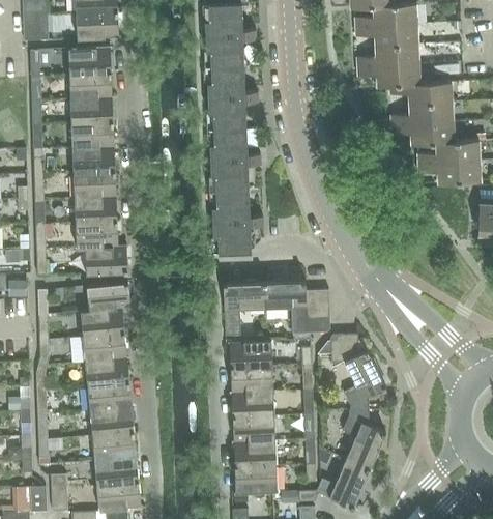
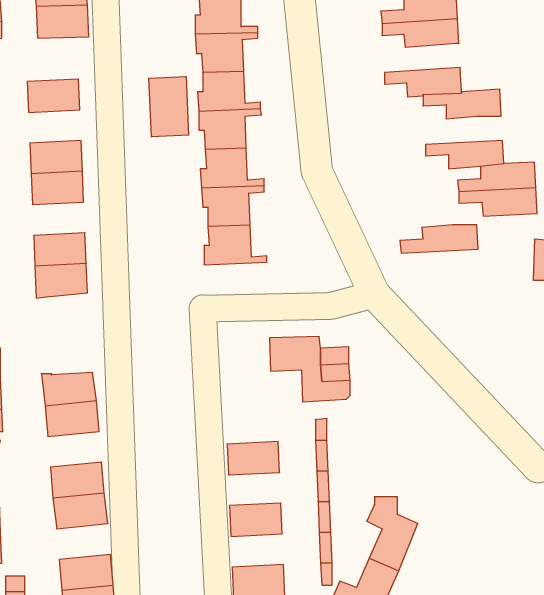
building: [356,44,418,67] -> none
building: [67,47,110,75] -> none
building: none -> [149,76,189,137]
building: [69,97,112,124] -> none
building: [389,103,453,125] -> [400,225,478,253]
building: [72,172,115,199] -> none
building: [211,221,262,255] -> none
building: [84,244,126,273] -> none
building: [86,282,129,312] -> none
building: [223,282,265,336] -> none
building: [329,334,385,410] -> none
building: [229,340,271,368] -> none
building: [85,357,128,386] -> none
building: [231,391,273,417] -> none
building: [92,432,136,461] -> none
building: [233,440,276,467] -> none

